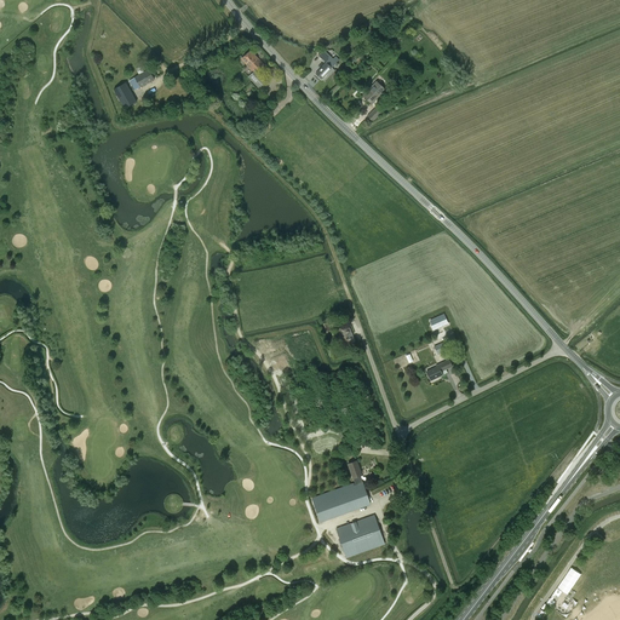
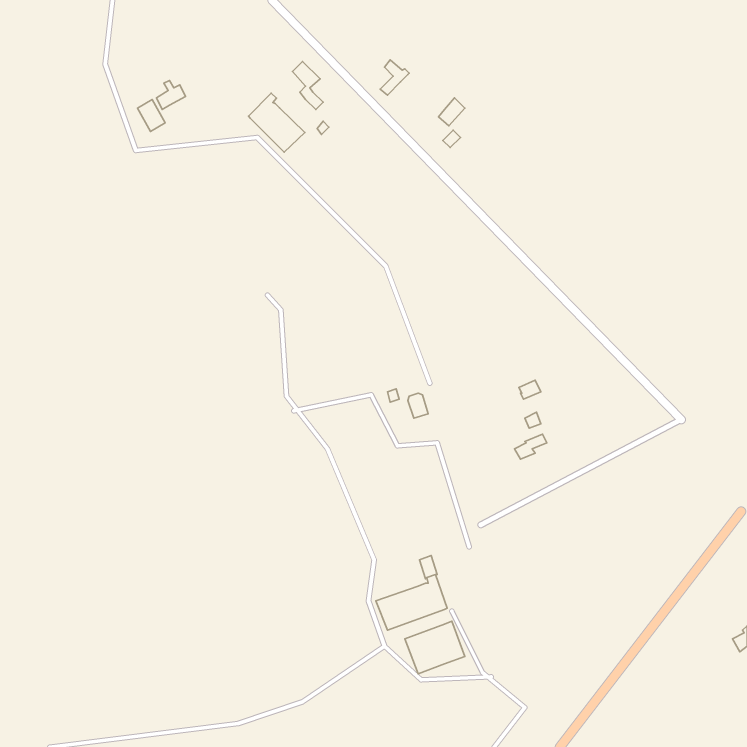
building: none -> [249,93,305,152]

